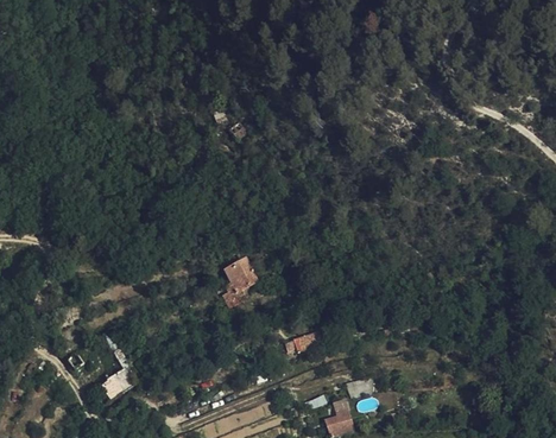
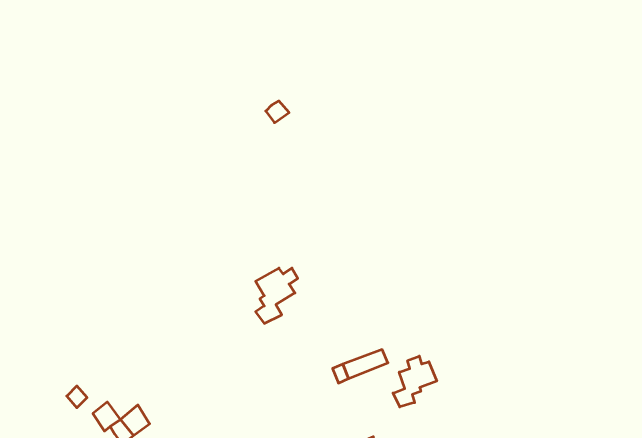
building: none -> [393,356,437,407]

